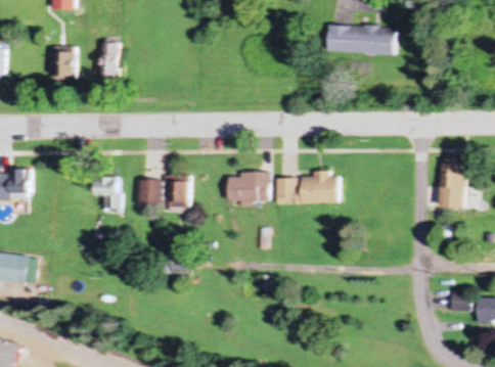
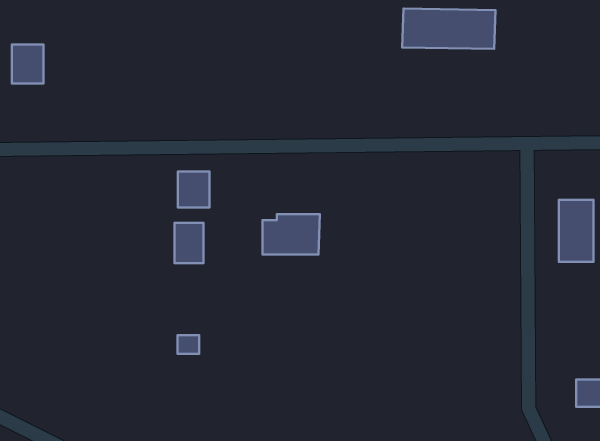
building: [100,42,117,79] -> none
building: [278,171,341,203] -> none
building: [95,177,120,210] -> none
building: [139,179,162,204] -> [178,172,209,207]

